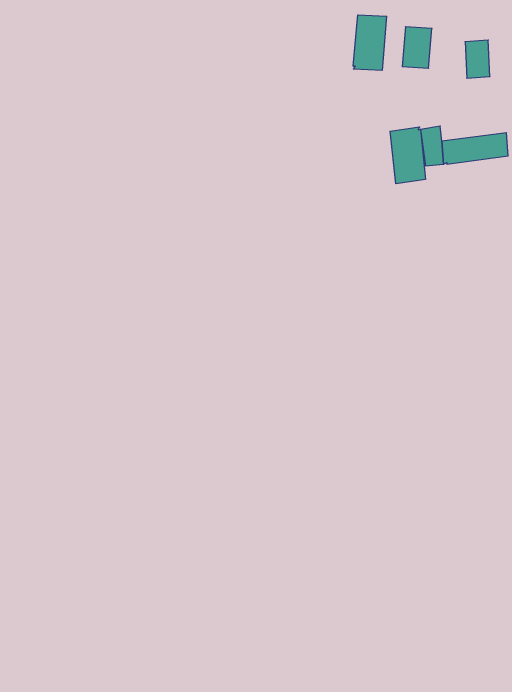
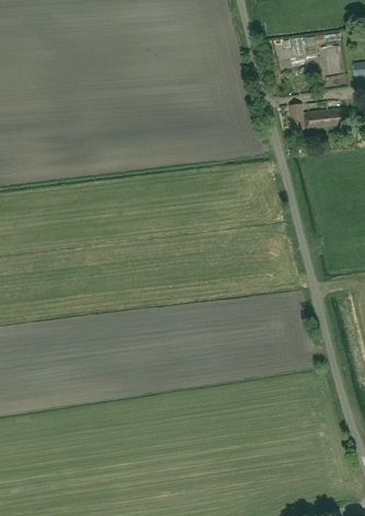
building: [353,15,387,70] -> none
building: [390,127,425,184] -> none

